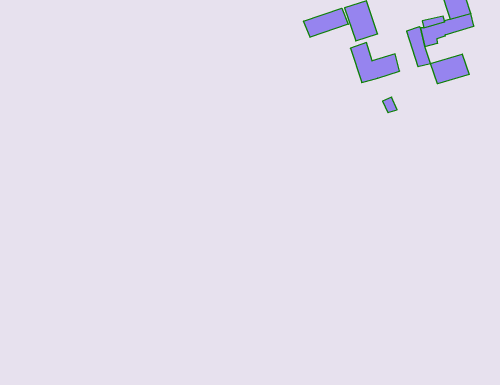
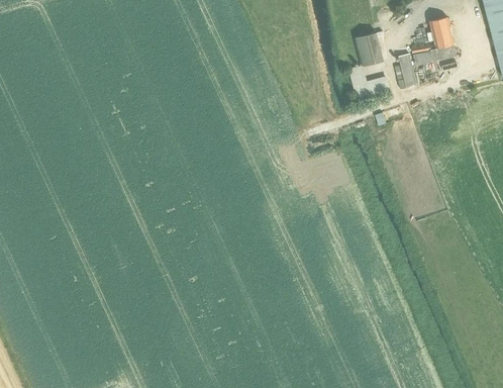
building: [304,8,348,37] -> none
building: [431,54,469,84] -> none

